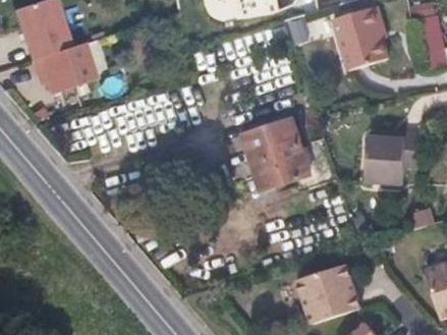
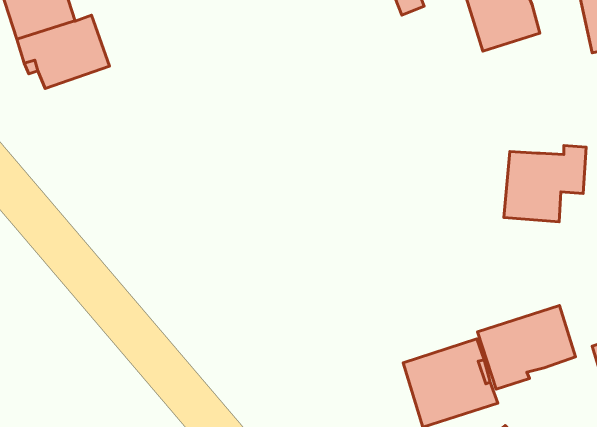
building: [243,118,309,189] -> none
building: none -> [478,306,575,389]

